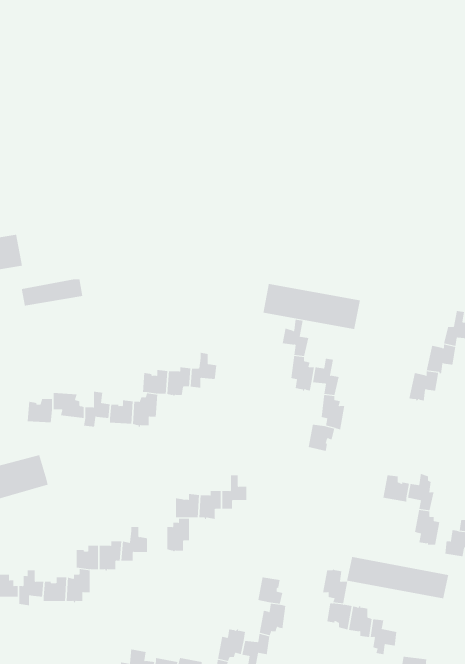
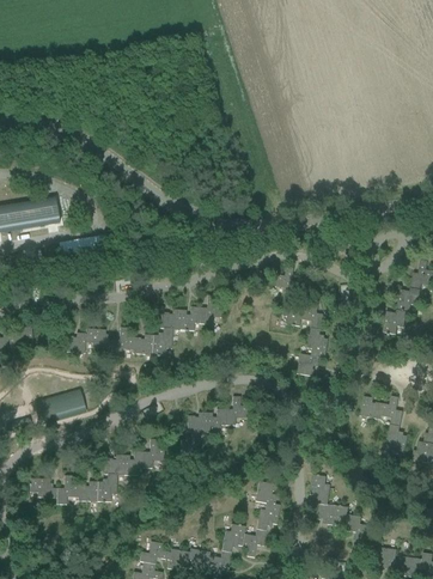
building: [263,283,360,330] -> none
building: [347,556,449,599] -> none

